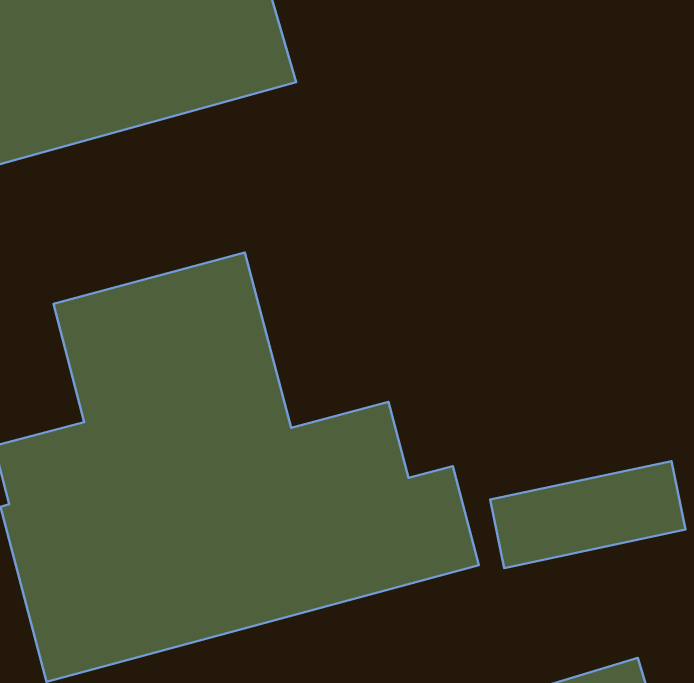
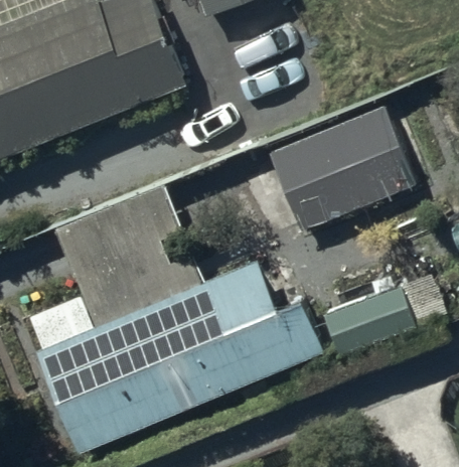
building: none -> [267,109,412,234]

